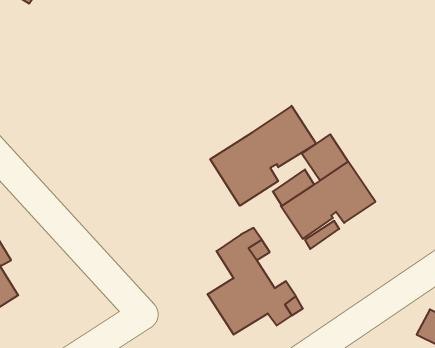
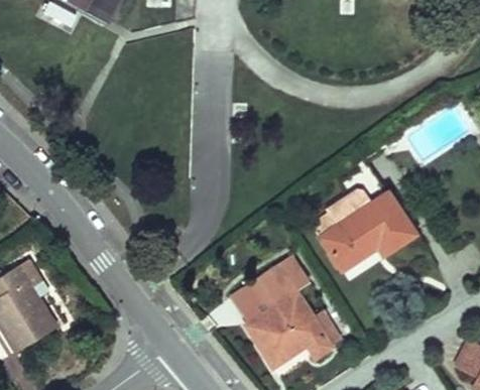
building: [210,106,316,206] -> none
building: none -> [231,282,272,324]

